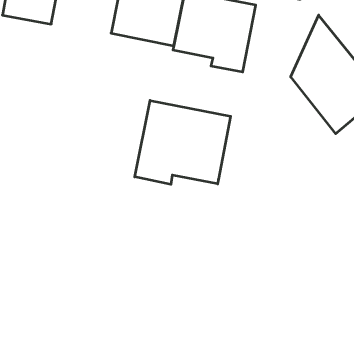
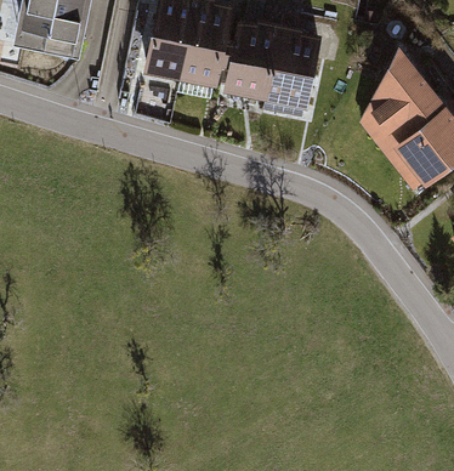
building: [135,100,231,184] -> none

